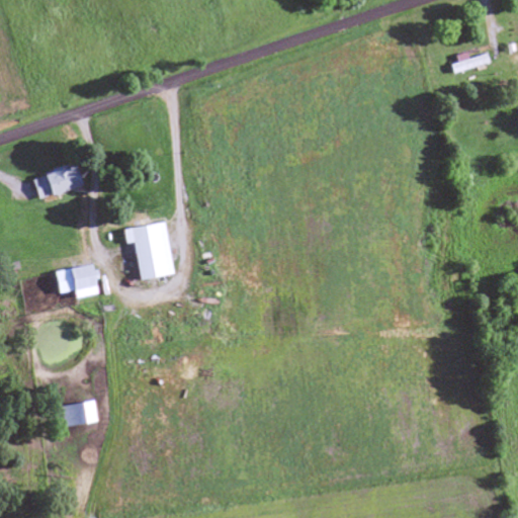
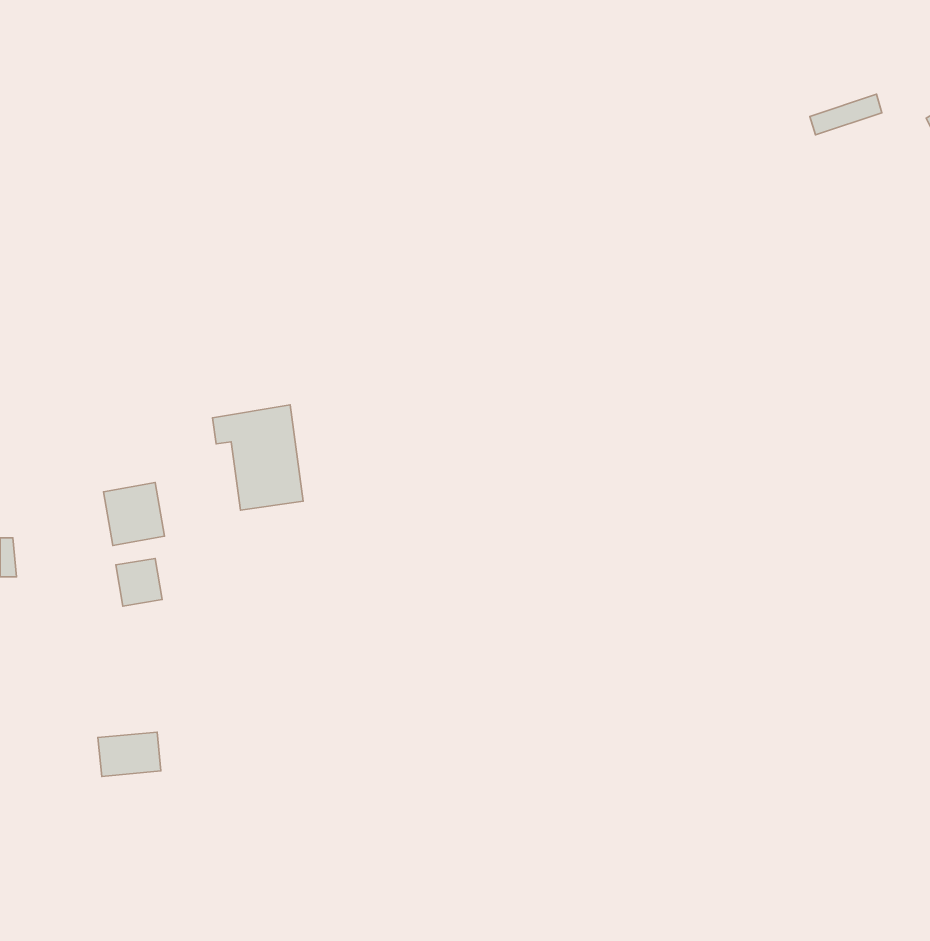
building: [35,164,84,198] -> none
building: none -> [116,558,162,606]

